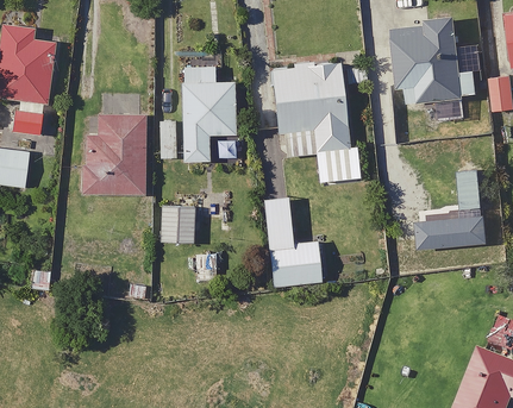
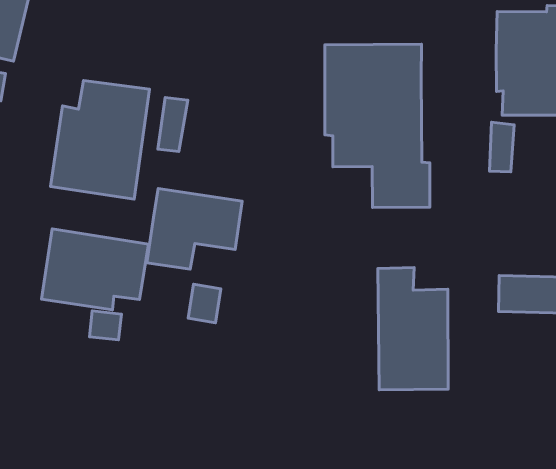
building: [182,67,236,162] -> none
building: [262,195,323,287] -> [378,267,448,390]
building: none -> [42,229,148,310]

